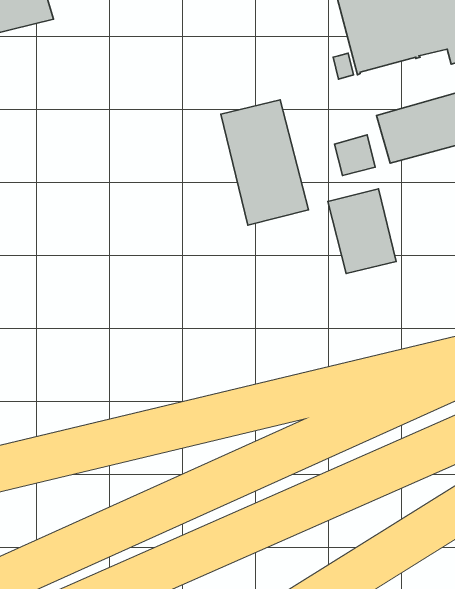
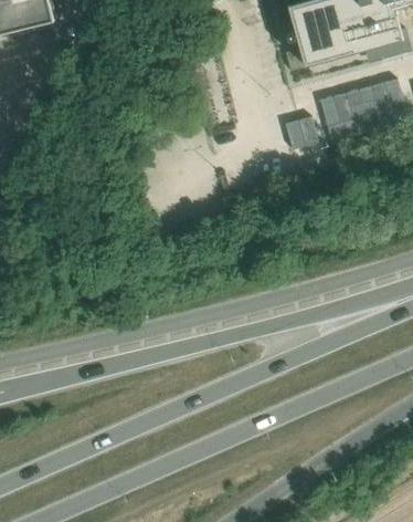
building: [221,100,308,225] -> none
building: [328,189,396,274] -> none

